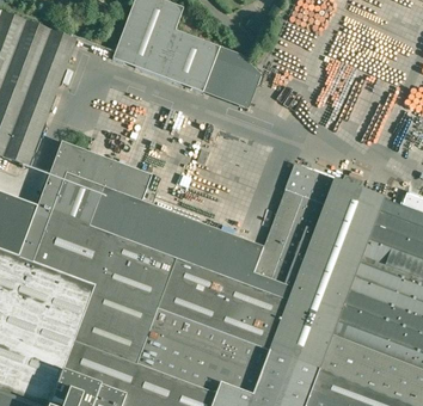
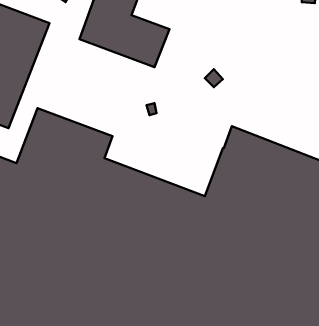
building: [202,47,259,109] -> none

